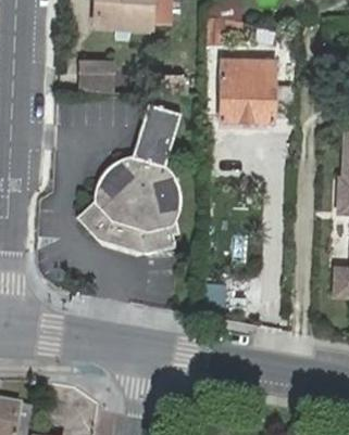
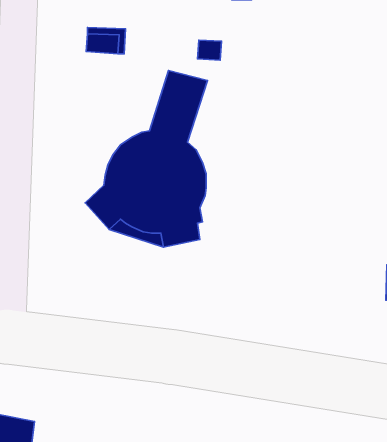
building: [223,62,292,121] -> none

